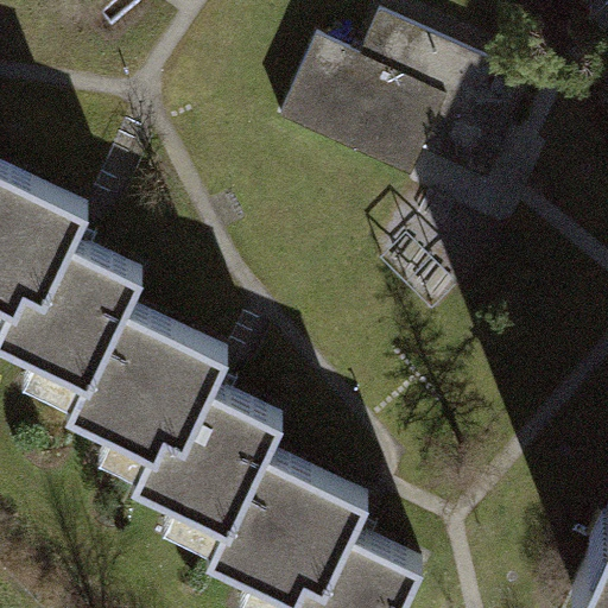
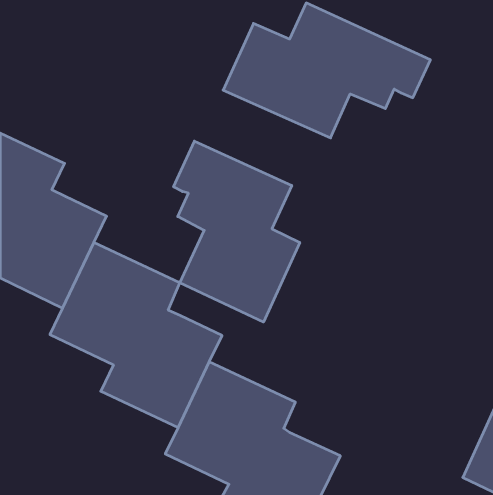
building: none -> [174,141,300,322]

